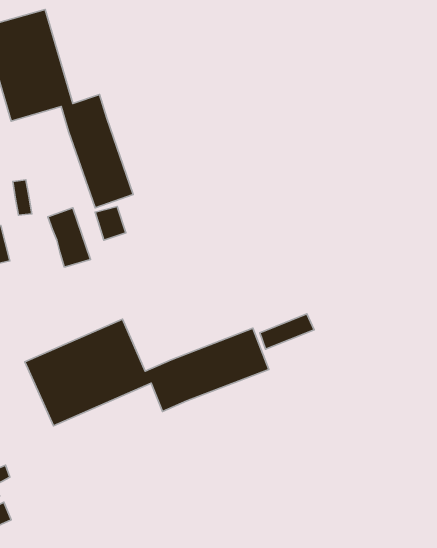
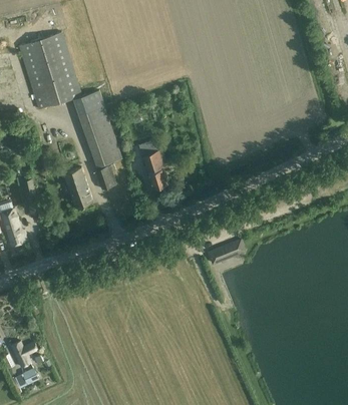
building: none -> [142,149,167,188]
building: [25,319,269,426] -> none

